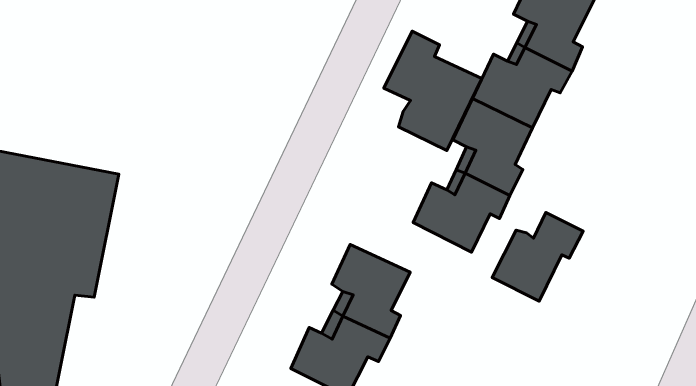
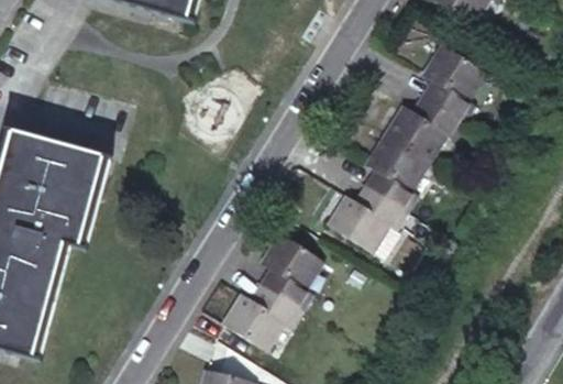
building: [384,31,482,150] -> none
building: [492,212,583,301] -> none

